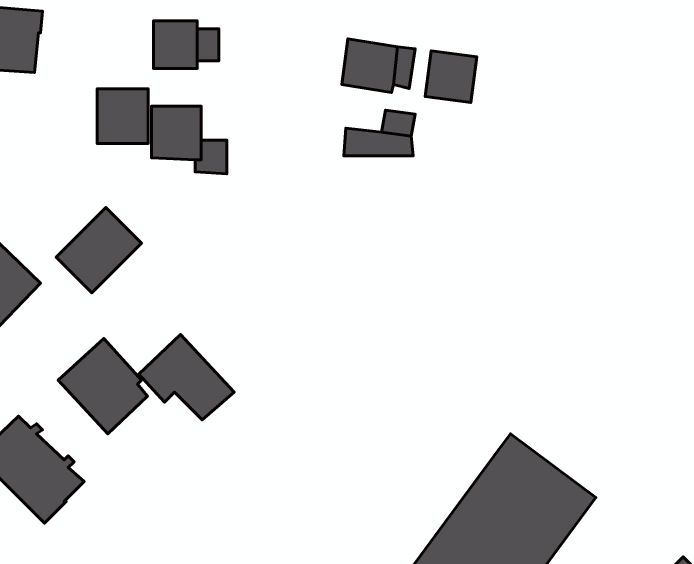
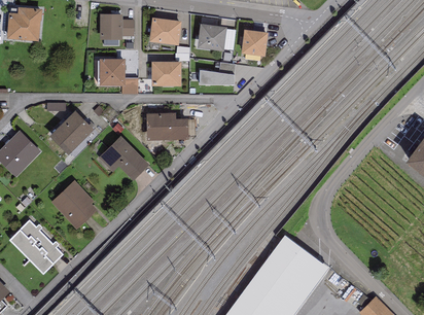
building: none -> [149,18,181,45]
building: [97,89,148,143] -> none
building: none -> [151,61,181,86]
building: none -> [146,112,188,140]
building: [139,335,234,420] -> [99,136,148,180]

